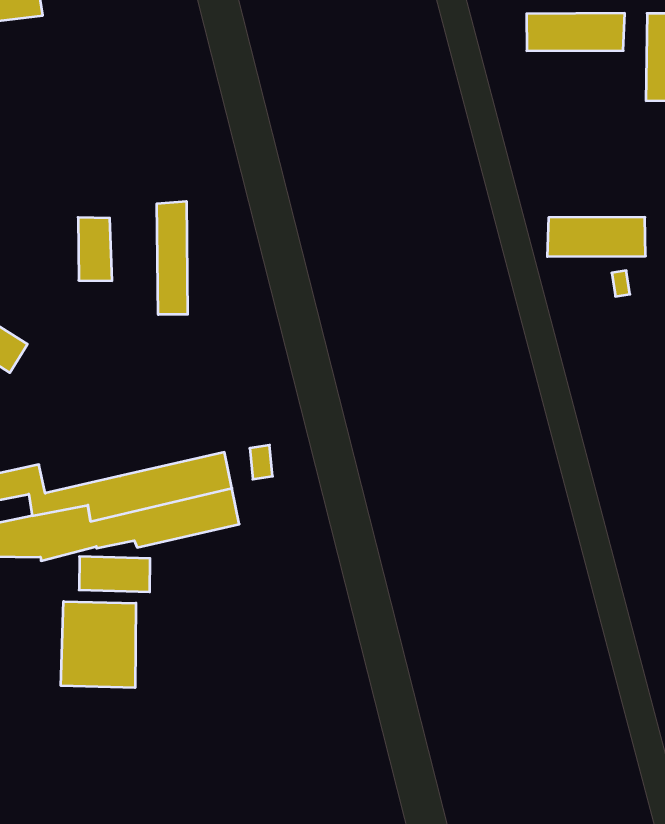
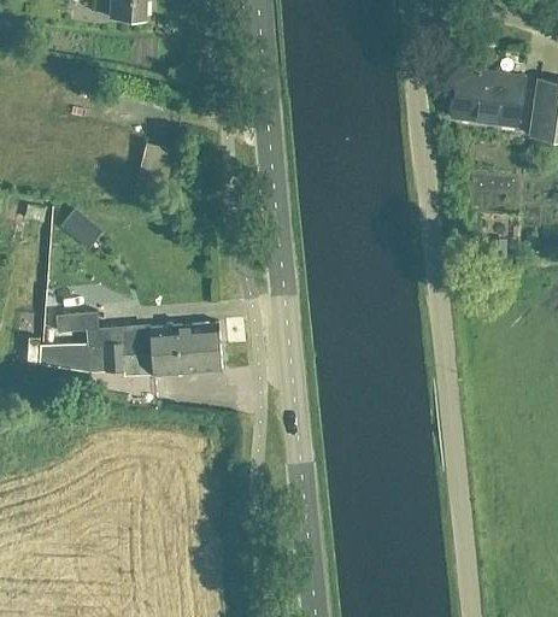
building: [157,201,188,315] -> none
building: [547,217,646,257] -> [451,92,518,127]
building: [61,601,136,688] -> none

